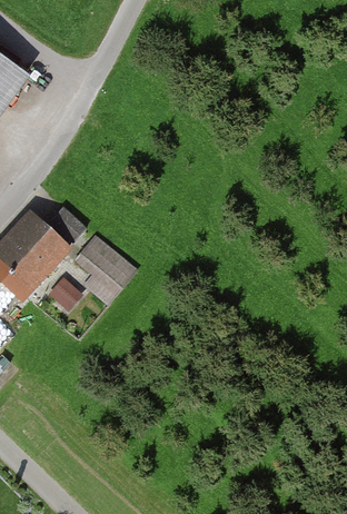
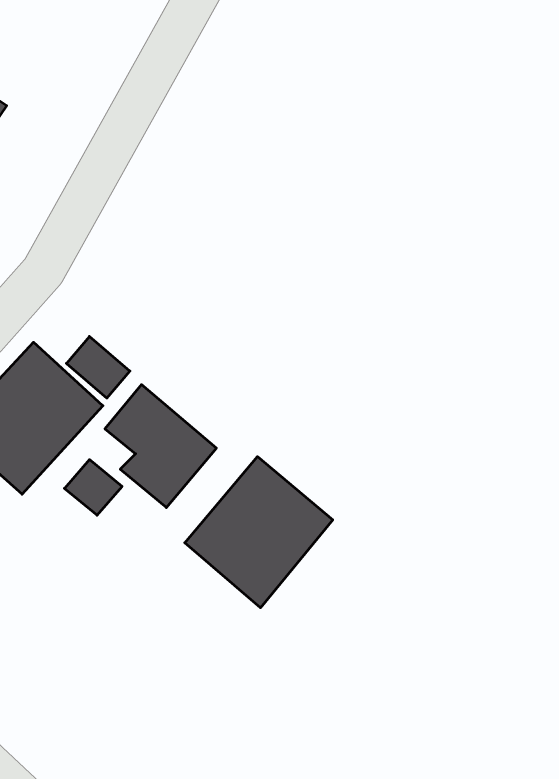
building: none -> [185,457,333,608]

